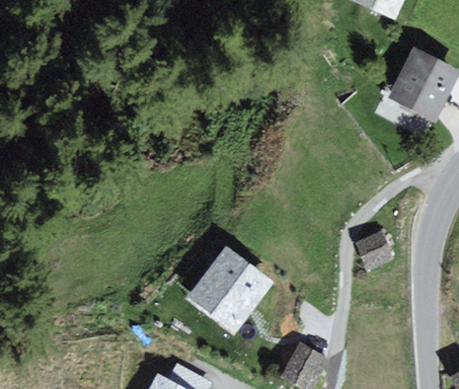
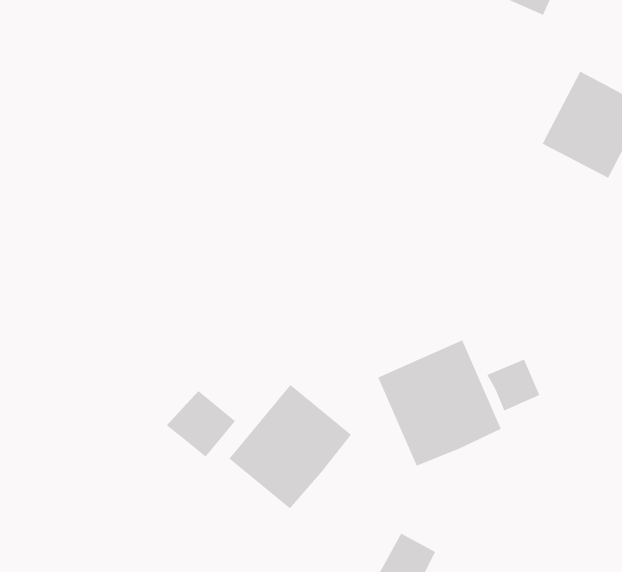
building: none -> [378,340,501,467]
building: none -> [166,390,236,458]

